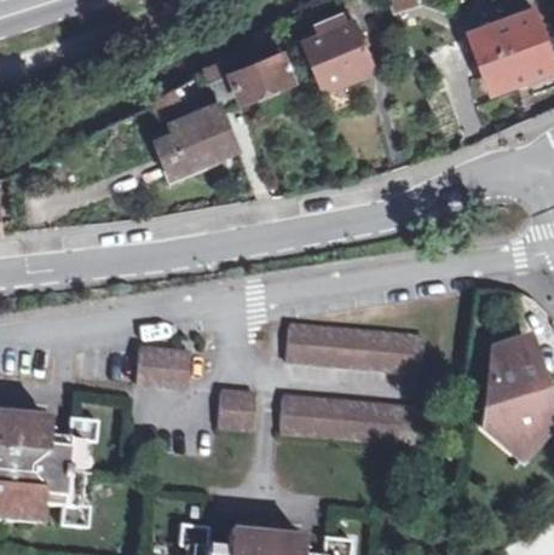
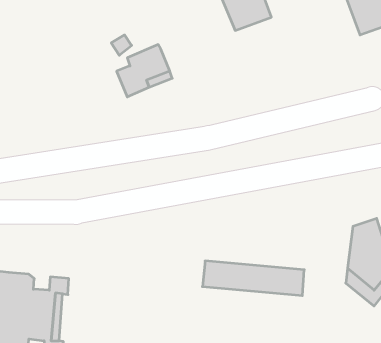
building: [212,50,296,112] -> none
building: [288,325,426,372] -> none
building: [138,348,192,388] -> none
building: [218,391,258,429] -> none

